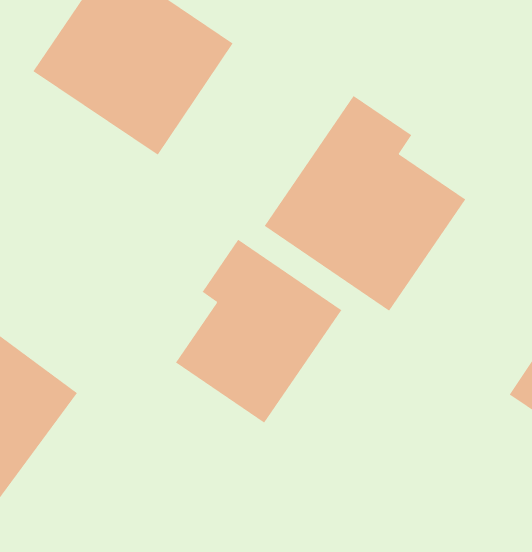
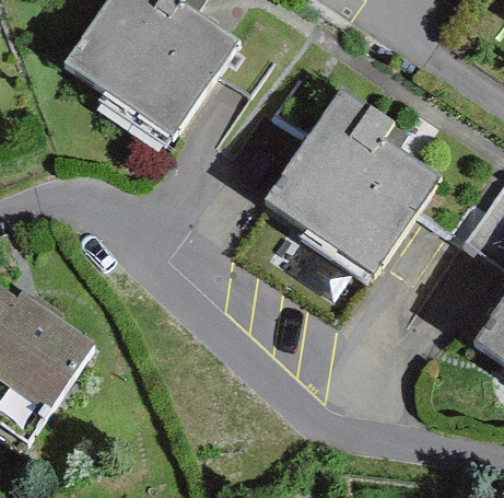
building: [175,239,342,423] -> none

